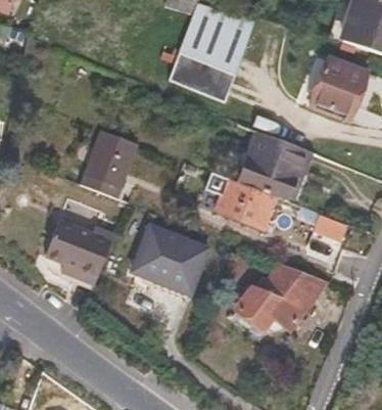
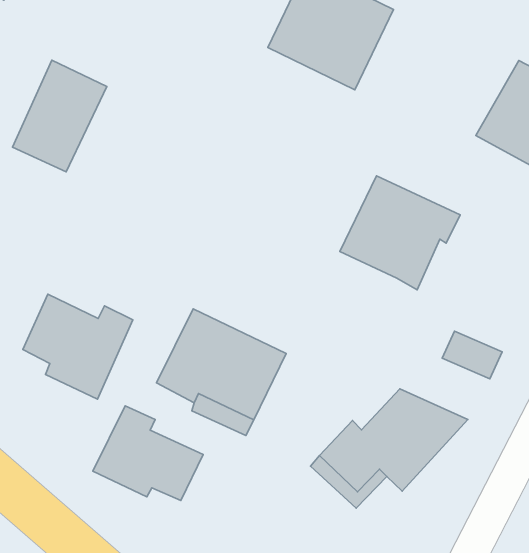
building: [171,55,237,104] -> none
building: [79,129,134,197] -> [13,60,107,172]
building: [213,175,274,226] -> none
building: none -> [93,406,203,500]

